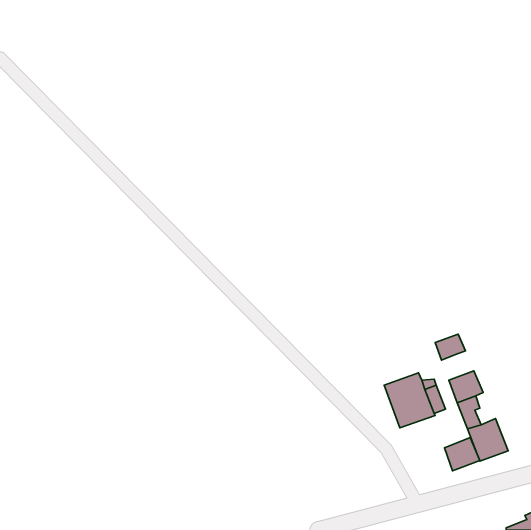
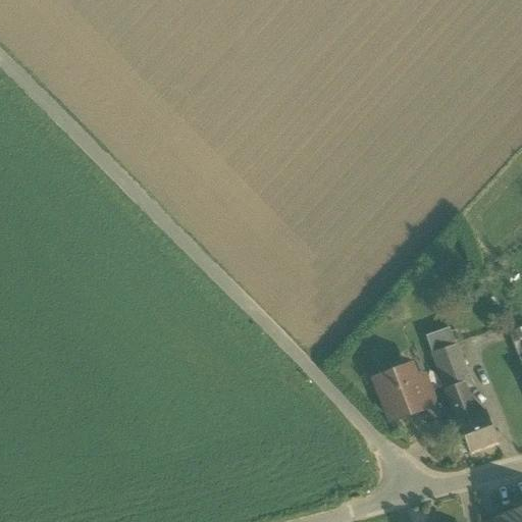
building: none -> [433,344,465,372]
building: [445,437,480,471] -> none

